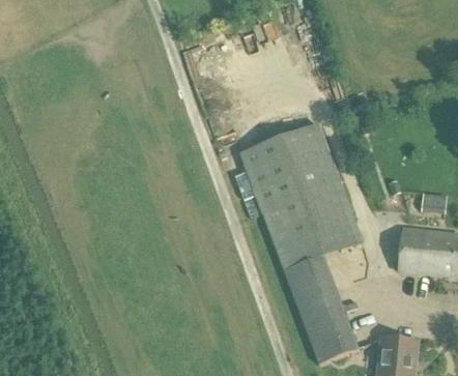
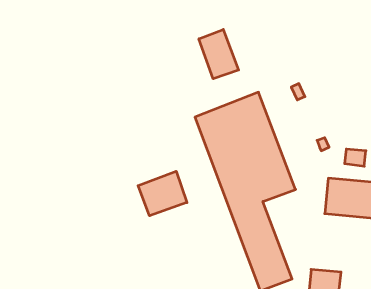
building: none -> [199,29,239,79]
building: none -> [138,171,187,216]

